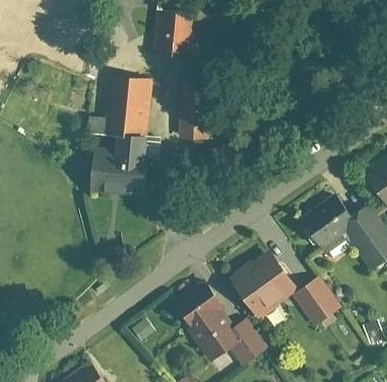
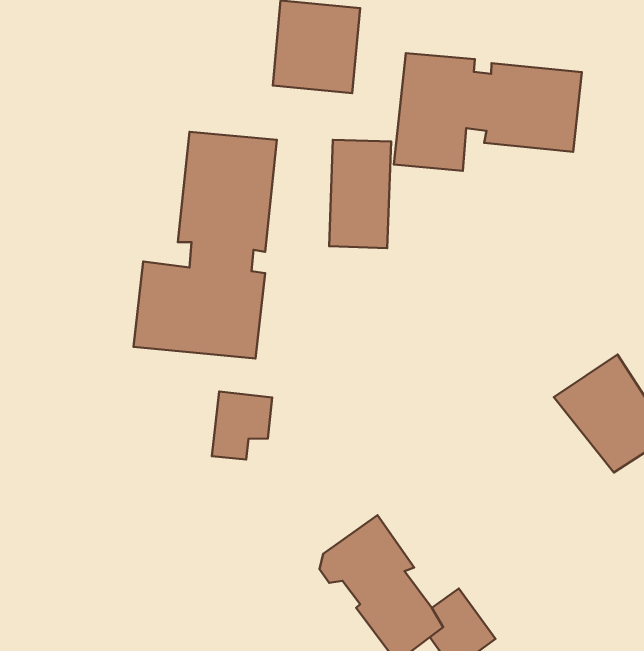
building: none -> [394,53,582,171]
building: none -> [212,391,272,459]
building: [229,247,339,322] -> none

